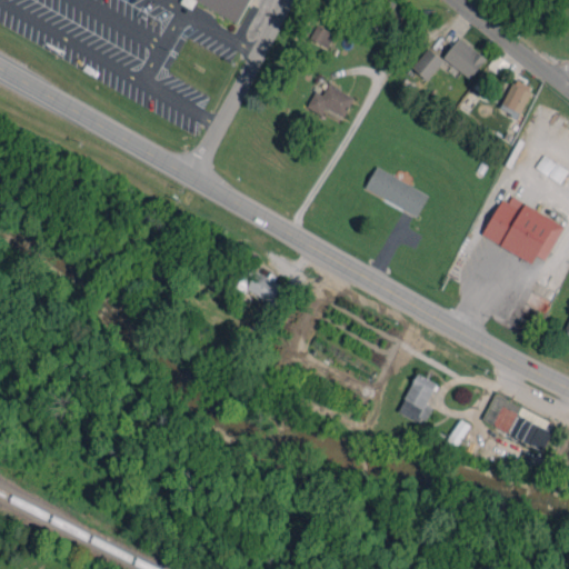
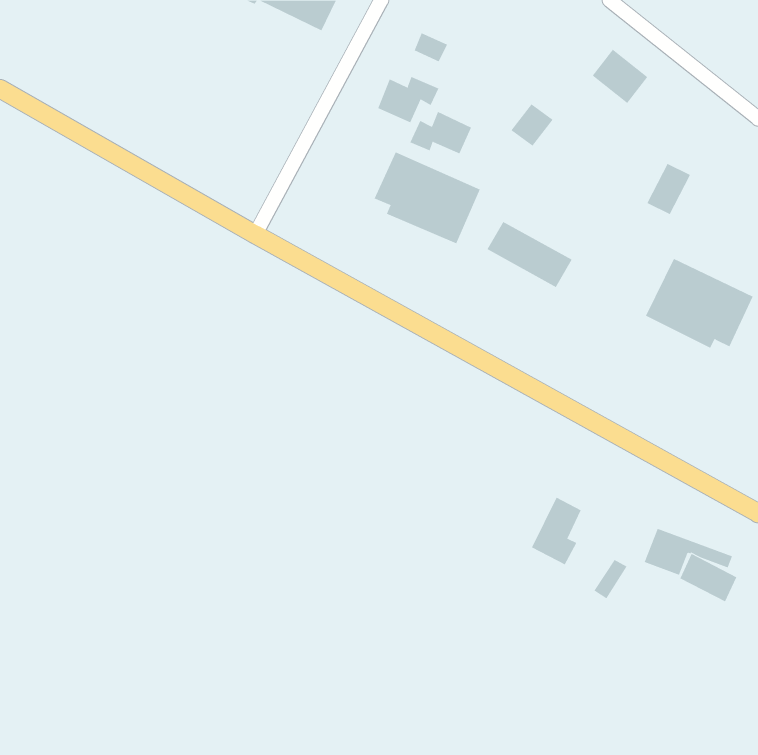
building: [411,50,443,82] -> [510,104,553,147]
building: none -> [377,76,439,123]
building: [499,80,532,119] -> [646,163,691,215]
building: none -> [374,151,480,244]
building: [238,269,281,312] -> none

